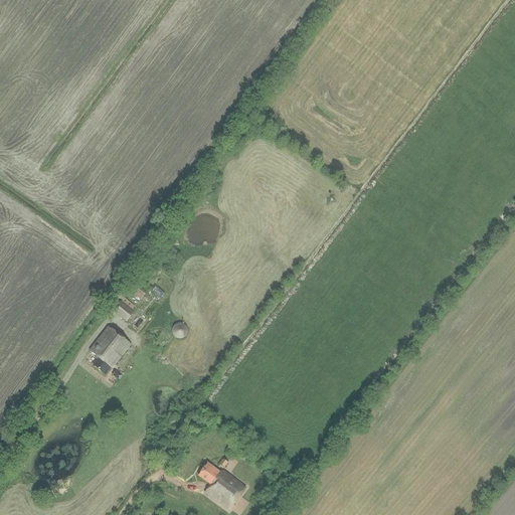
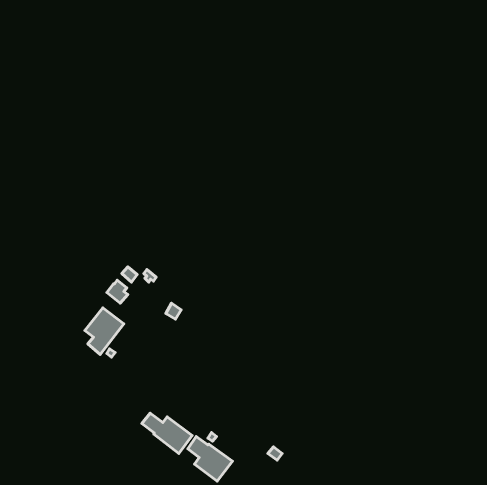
building: none -> [142,413,192,454]

